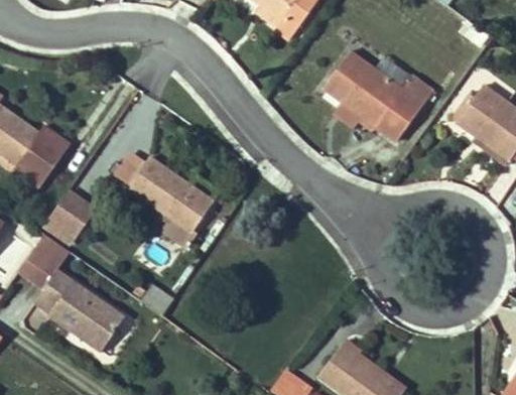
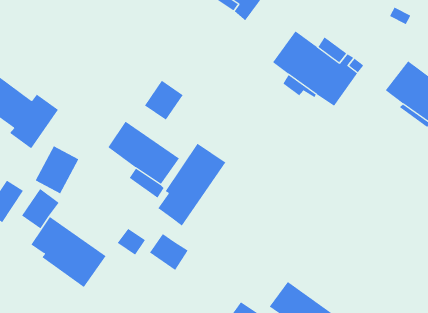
building: none -> [144,80,183,121]
building: none -> [157,143,226,226]
building: none -> [149,233,189,271]

